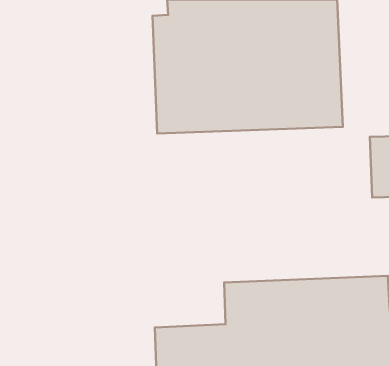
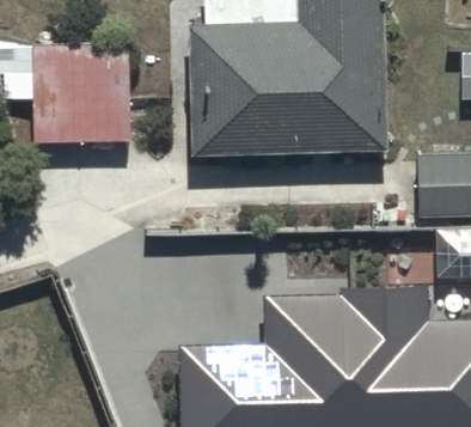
building: none -> [29,39,130,142]

